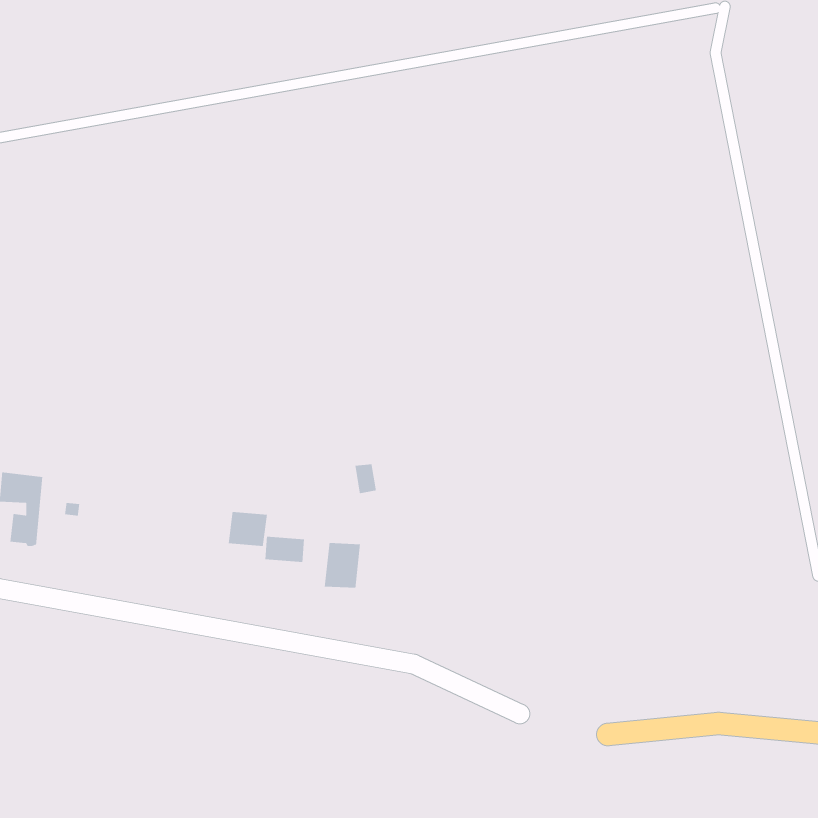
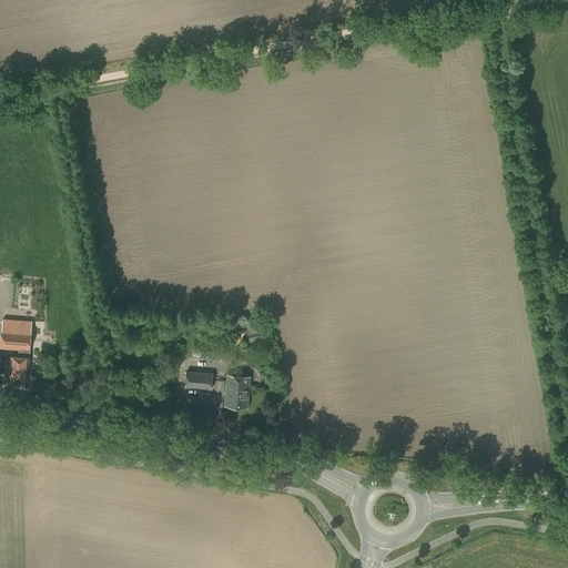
building: [228,511,268,547] -> none

